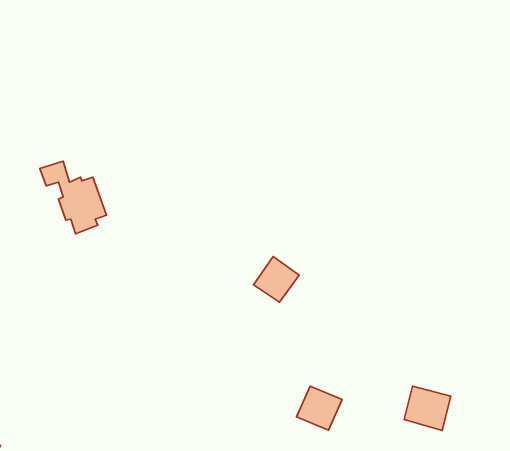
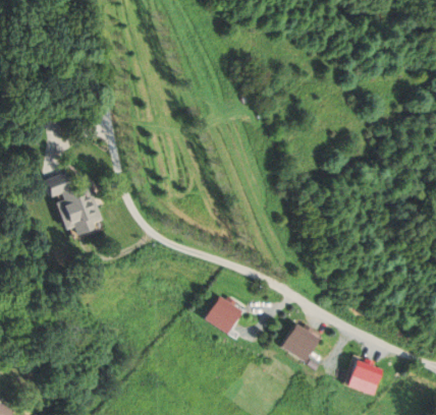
building: [254,257,299,302] -> [205,296,242,334]
building: [297,386,342,430] -> [280,324,318,361]

